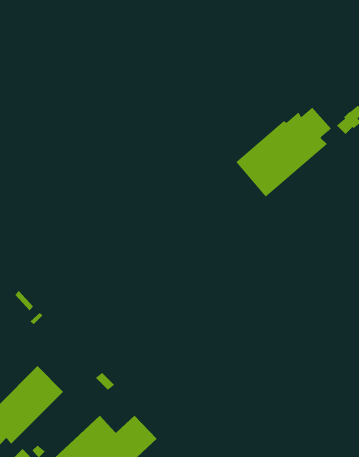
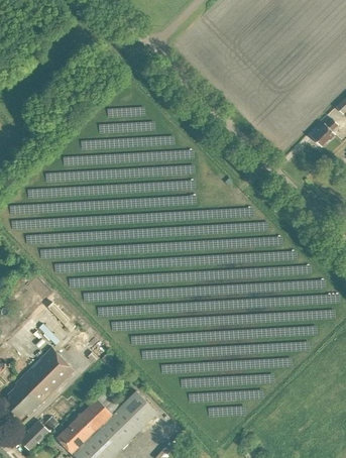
building: [235,107,332,197] -> none

